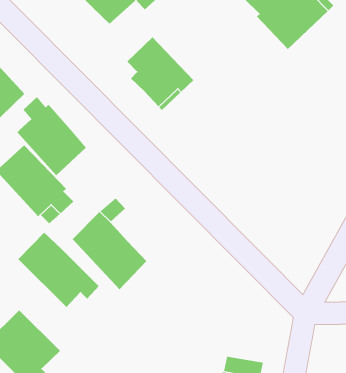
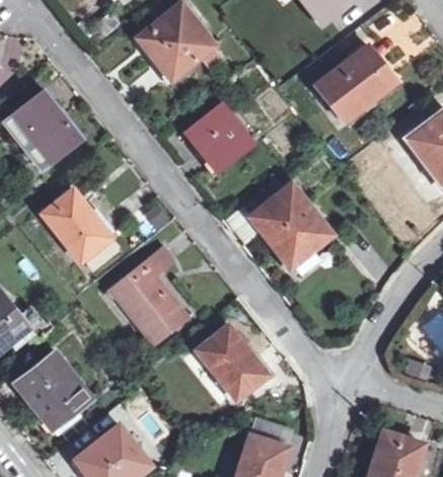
building: [16,96,87,176] -> none
building: none -> [252,185,330,265]
building: [17,232,100,308] -> none
building: none -> [197,325,268,400]

